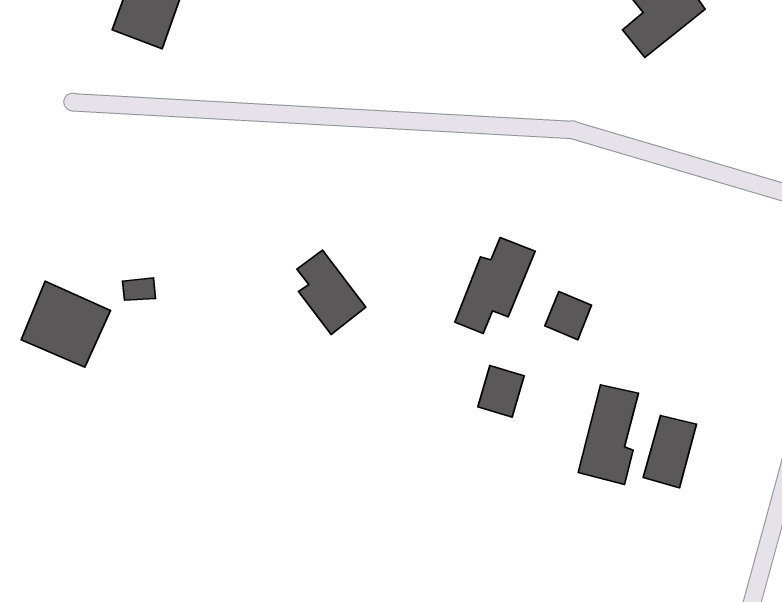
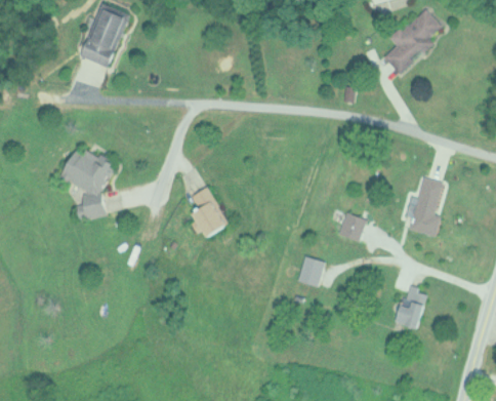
building: [455,237,535,333] -> none
building: [21,281,111,367] -> [60,147,114,198]
building: [578,385,638,485] -> [407,177,443,237]

